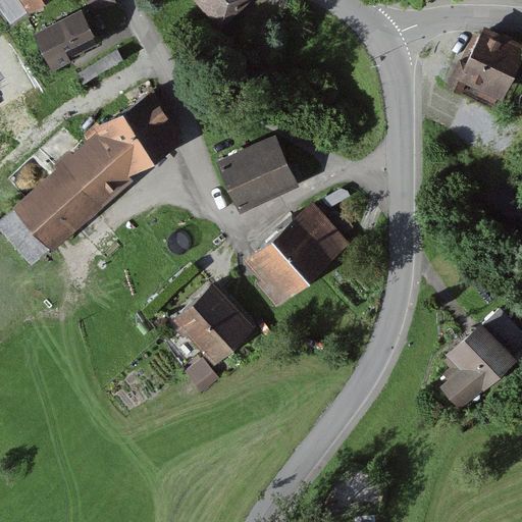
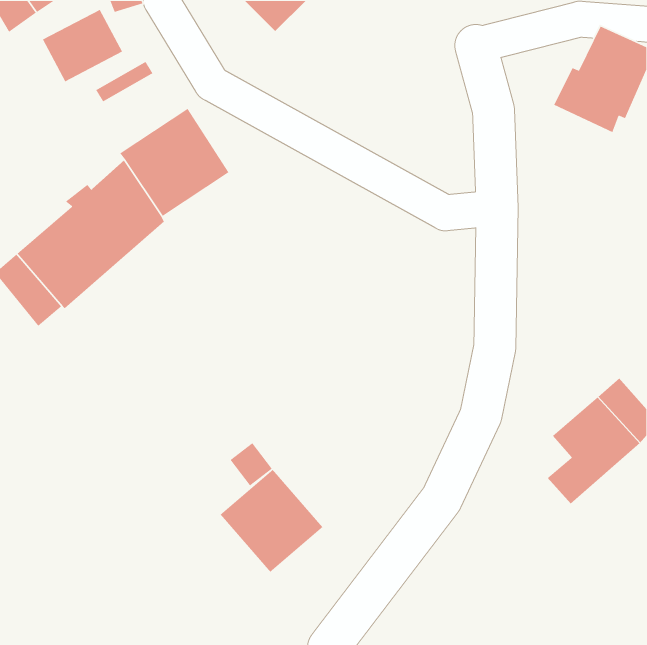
building: [216,134,299,212] -> none
building: [244,200,351,307] -> none
building: [172,281,256,365] -> [219,469,323,573]

